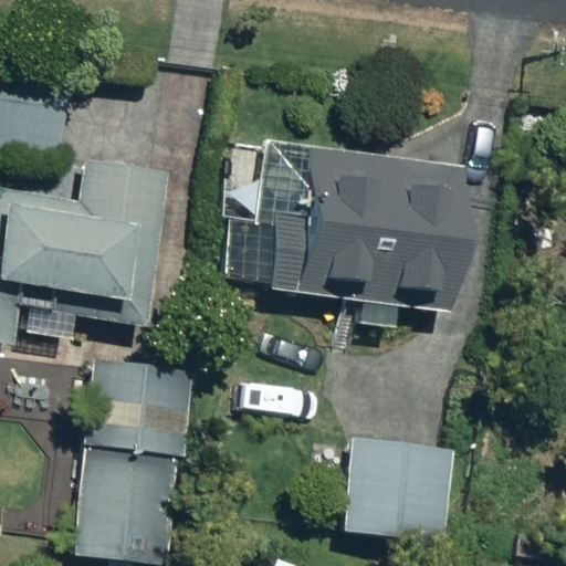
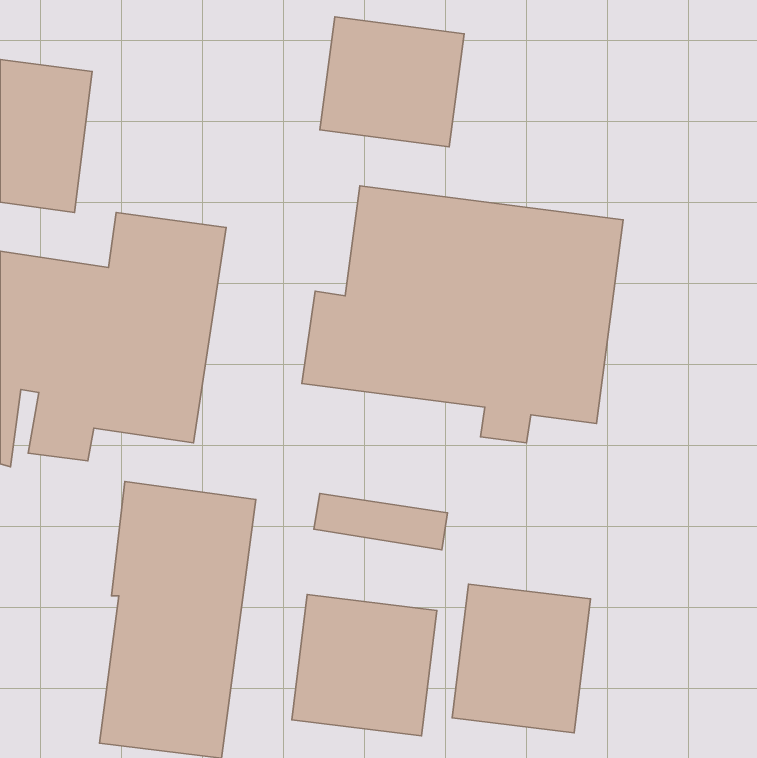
building: none -> [320,17,464,147]
building: none -> [292,595,437,736]

